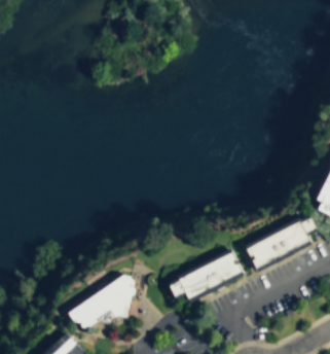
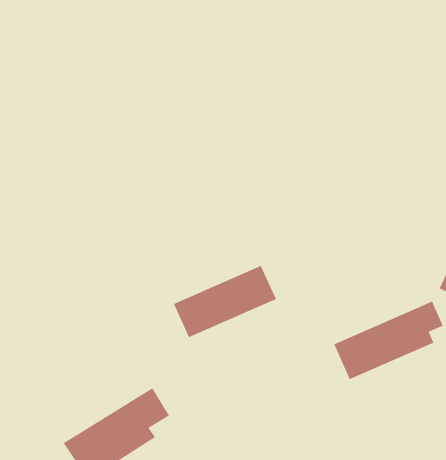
building: [176,253,245,302] -> [173,265,277,338]

